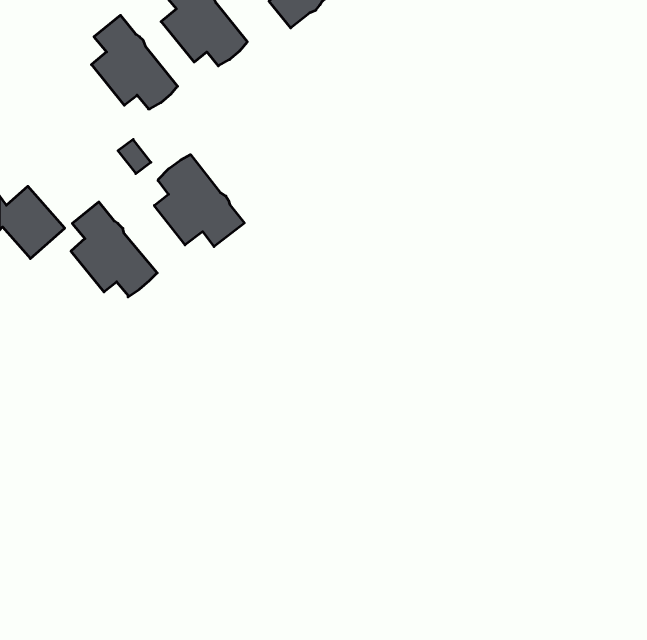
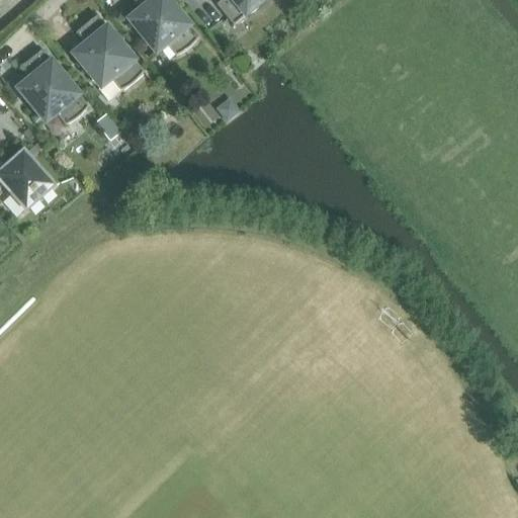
building: [154,155,244,247] -> none
building: [71,202,157,297] -> [18,47,87,122]

